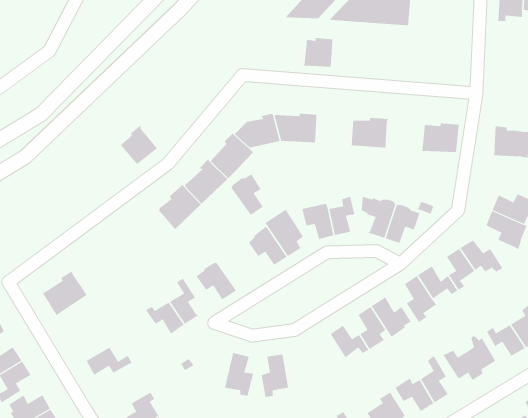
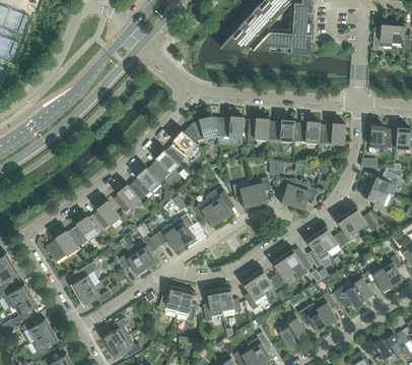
building: [303,38,333,67] -> [248,118,269,139]
building: none -> [299,121,321,143]
building: [120,126,158,165] -> [114,184,141,212]
building: [231,174,264,216] -> [171,214,196,244]
building: none -> [93,200,121,229]
building: none -> [68,216,99,247]
building: none -> [70,266,99,295]
building: none -> [242,276,267,310]
building: none -> [159,285,183,314]
building: none -> [219,287,242,314]

